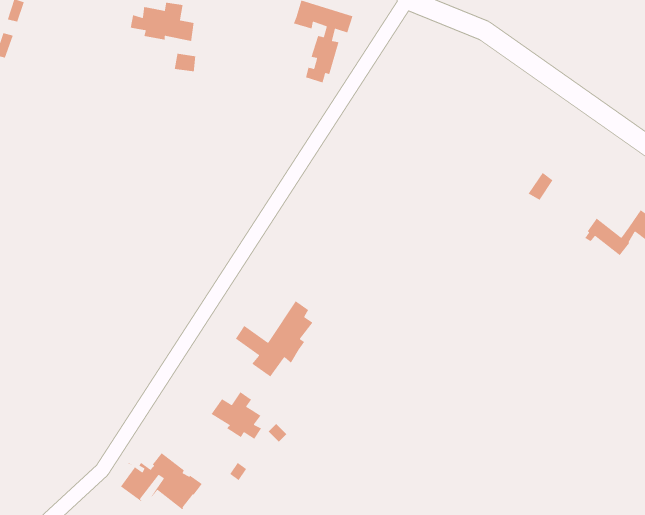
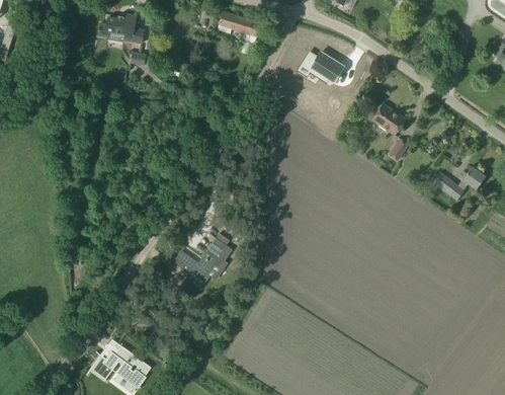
building: none -> [301,49,343,79]
building: none -> [371,102,406,135]
building: [210,391,262,440] -> none

